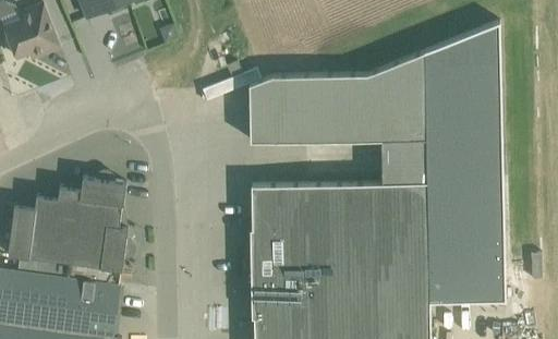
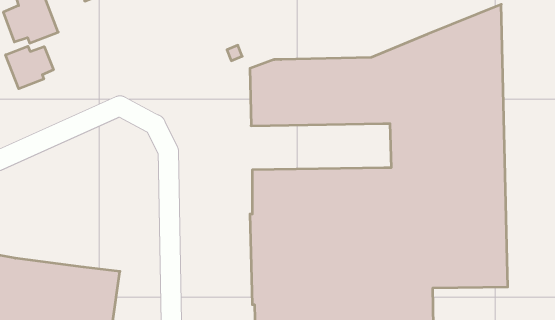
building: none -> [6,46,53,89]
building: [8,179,129,282] -> none

